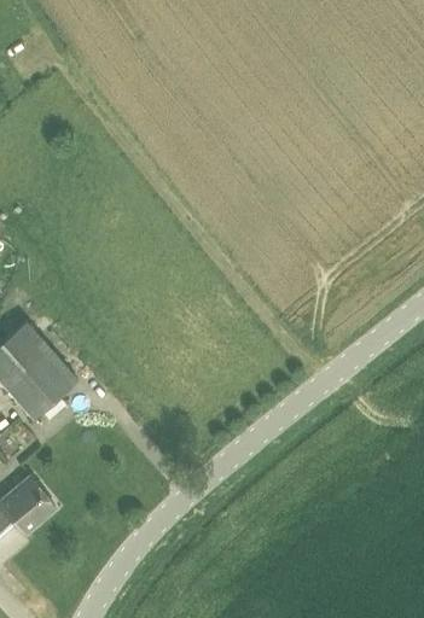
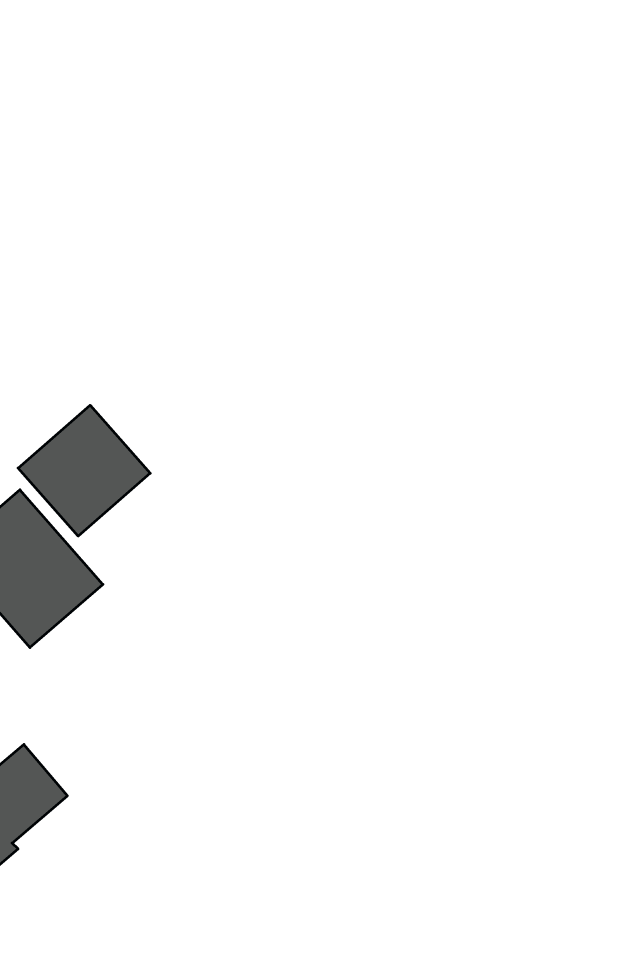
building: none -> [18,405,150,536]

